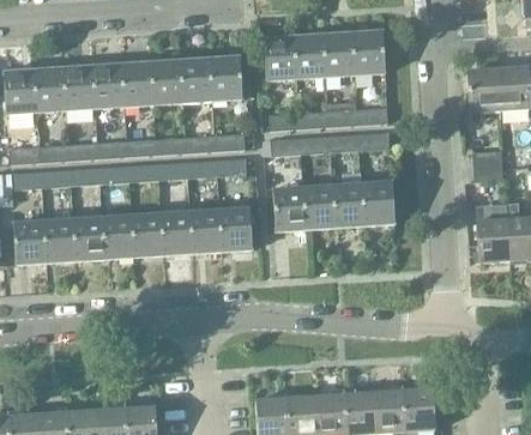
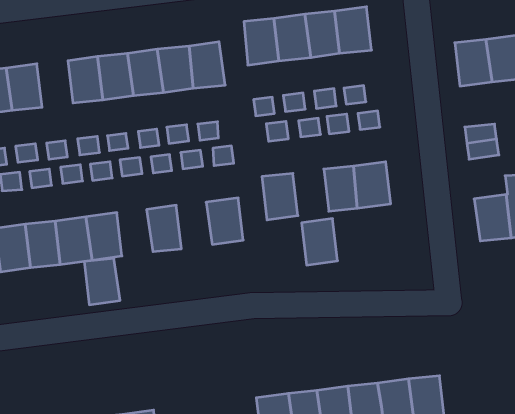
building: [62,65,95,108] -> none
building: [302,183,334,226] -> [302,219,338,265]
building: [188,209,221,252] -> none
building: [131,212,163,255] -> [84,258,120,305]

